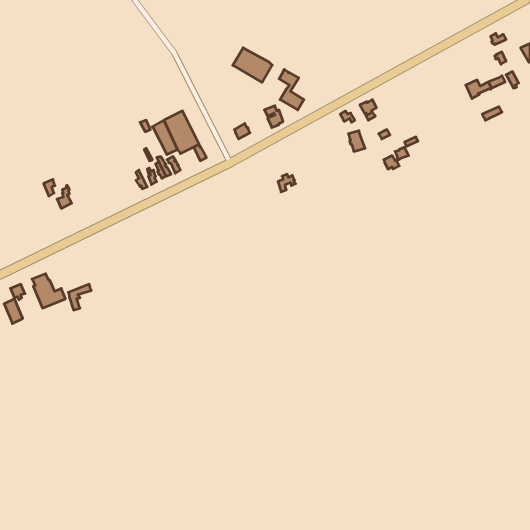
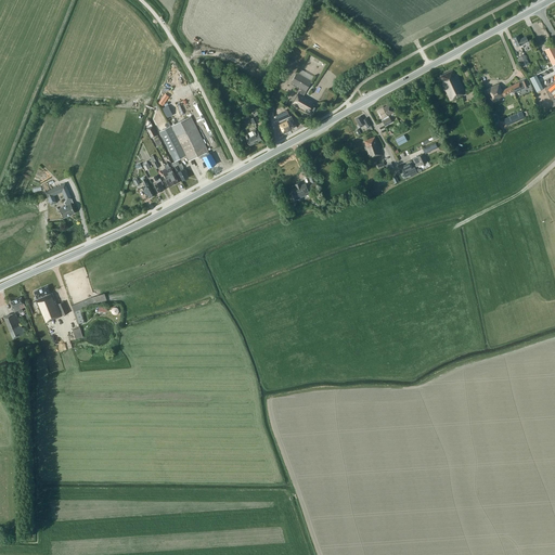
building: [233,48,272,82] -> none
building: none -> [440,69,466,101]

